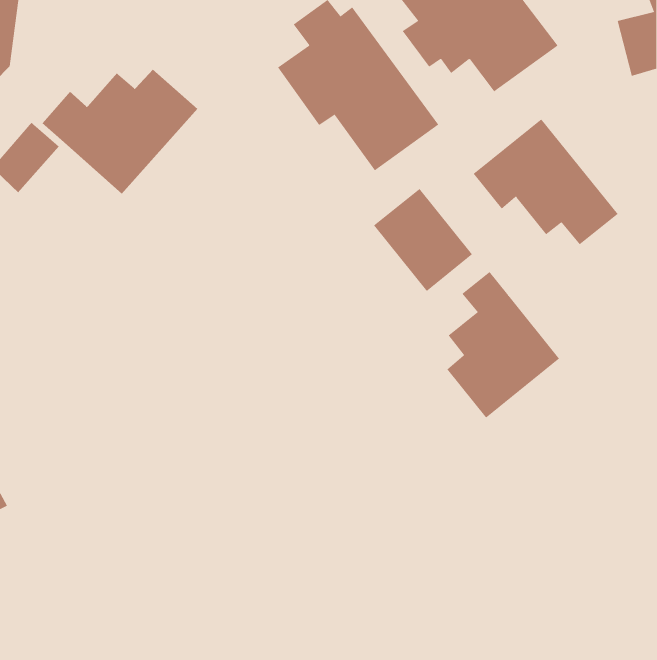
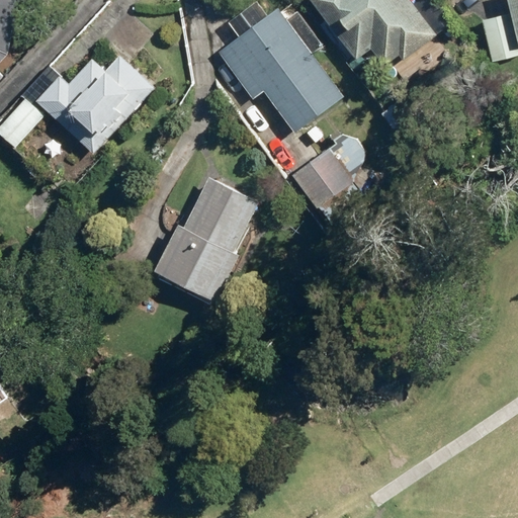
building: [473,118,618,245] -> none
building: none -> [152,177,258,305]
building: [447,271,560,419] -> none

